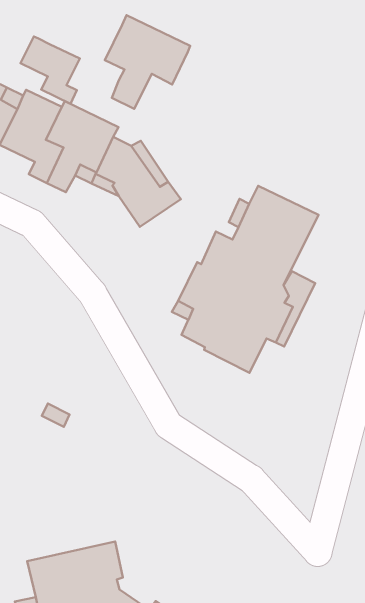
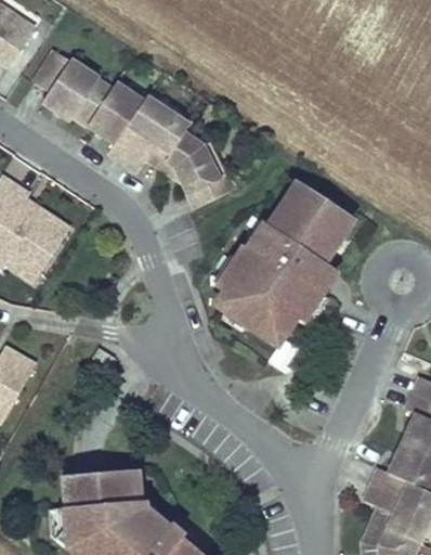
building: [105,15,190,109] -> none
building: [21,36,80,104] -> none

